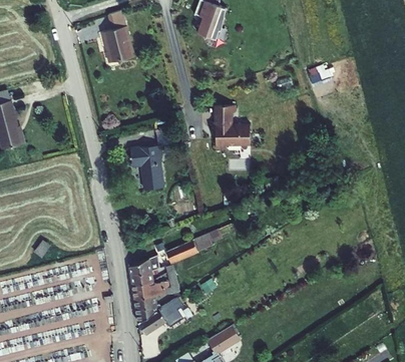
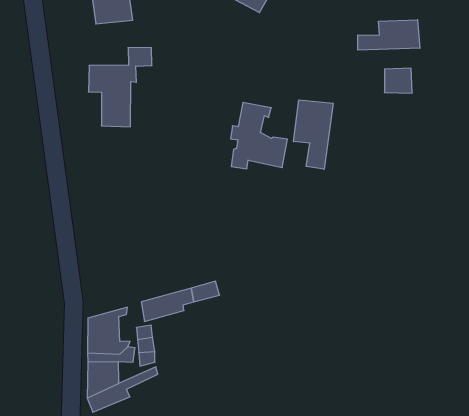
building: none -> [358,20,420,50]
building: none -> [294,100,333,169]
building: [127,133,170,192] -> [88,48,152,127]

